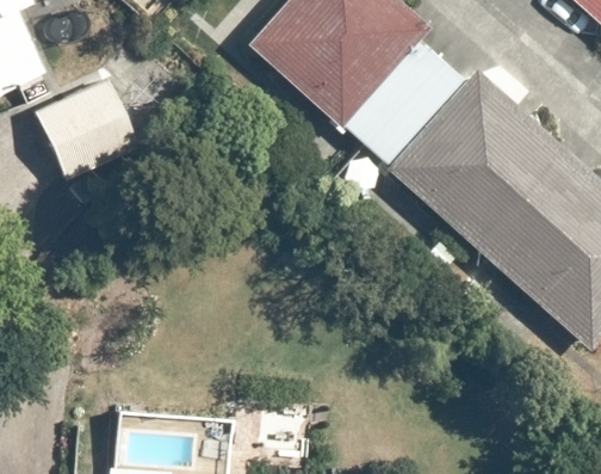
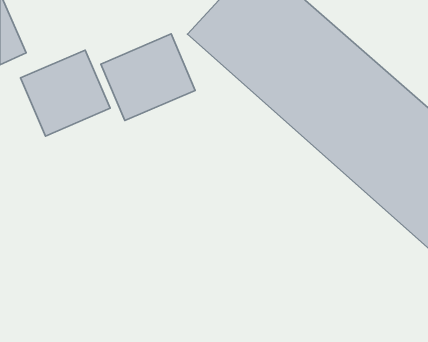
building: none -> [101,34,195,121]

